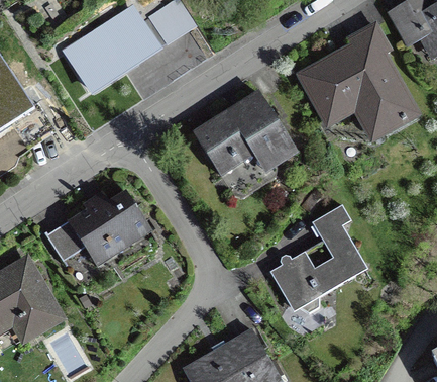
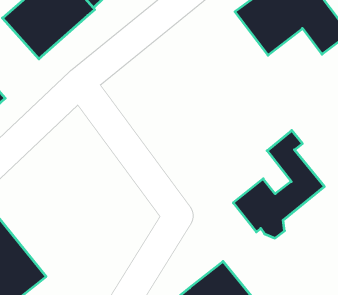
building: [192,86,298,197] -> none
building: [43,191,150,265] -> none

